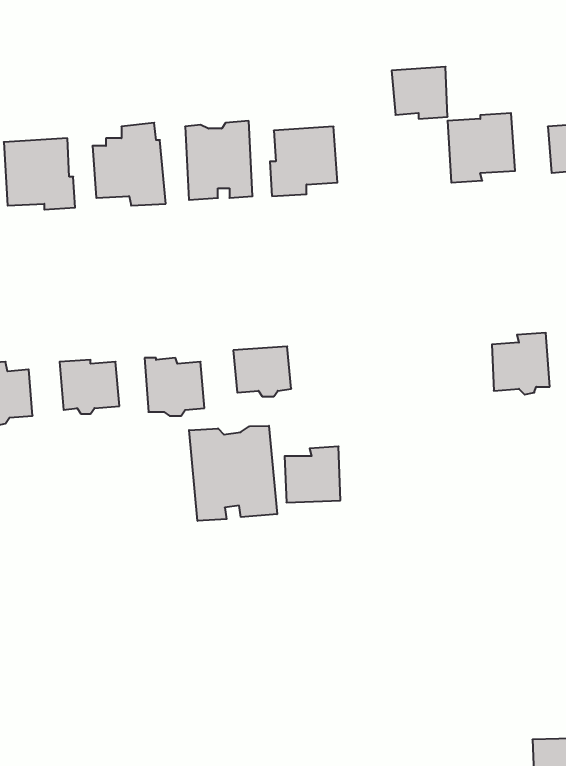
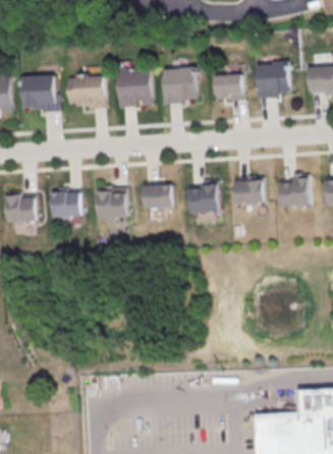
building: [392,67,448,119] -> [214,72,243,100]
building: none -> [234,178,264,206]
building: [189,426,277,521] -> none
building: [285,446,340,502] -> [188,182,218,212]

